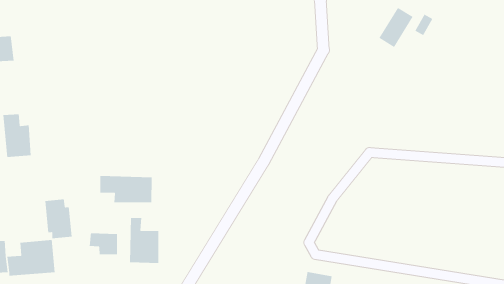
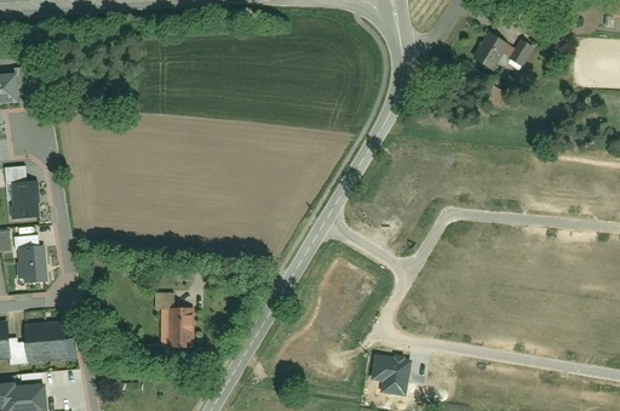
building: [100,175,152,203] -> none
building: [45,199,73,239] -> [16,235,50,284]
building: [89,232,118,255] -> none

